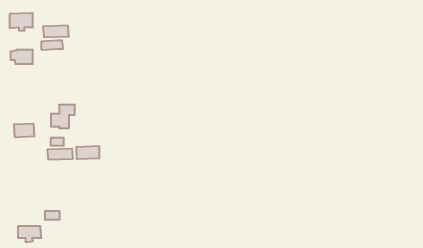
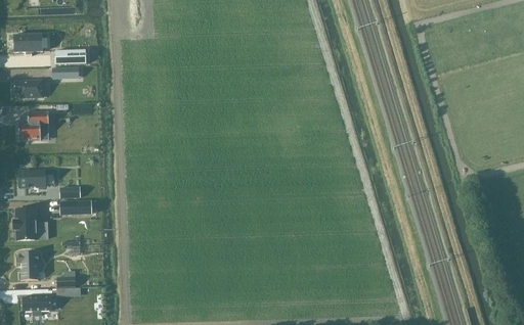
building: [51,105,75,128] -> [18,111,48,140]
building: [77,146,99,159] -> none
building: none -> [14,208,48,239]
building: none -> [19,252,39,280]

